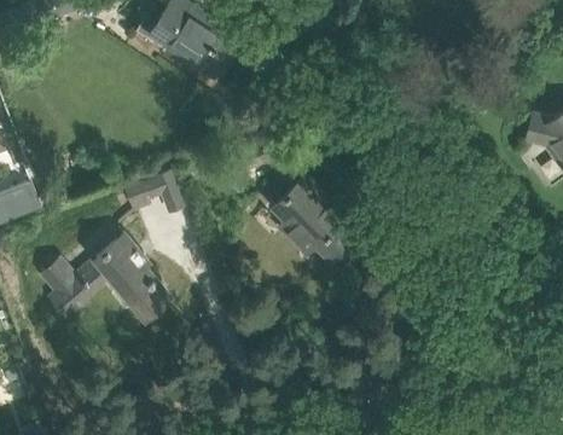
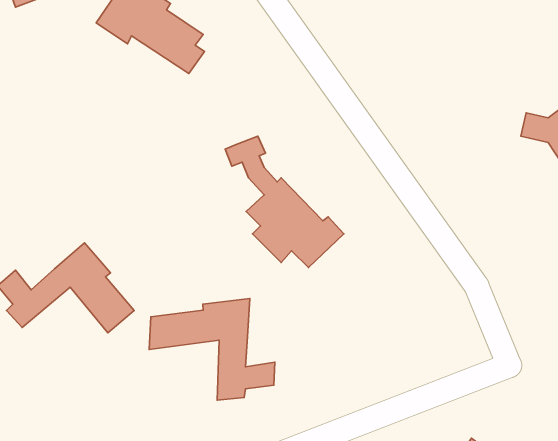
building: [124,169,185,214] -> none
building: none -> [149,299,275,400]

